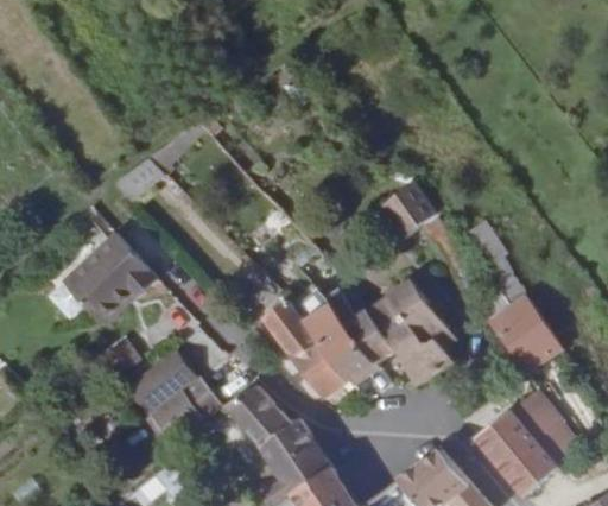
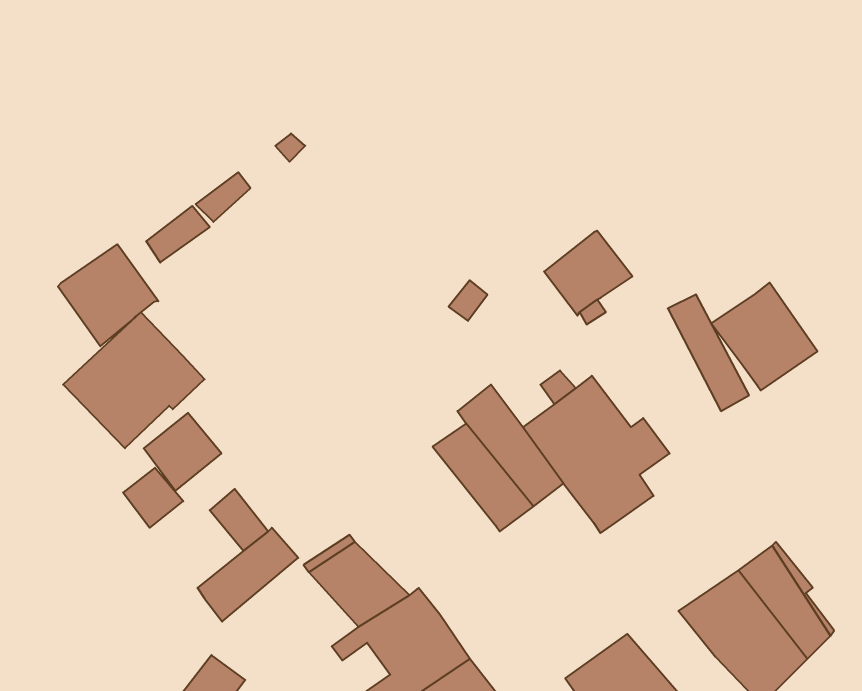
building: none -> [58,244,158,346]
building: [489,297,560,369] -> [711,283,817,390]
building: [260,301,352,400] -> none
building: [129,367,182,419] -> [144,413,221,491]

